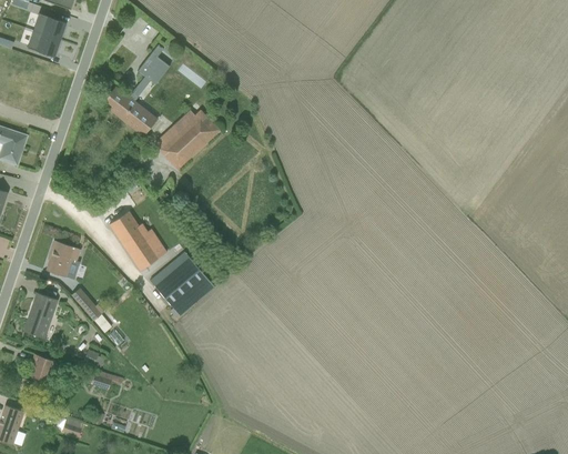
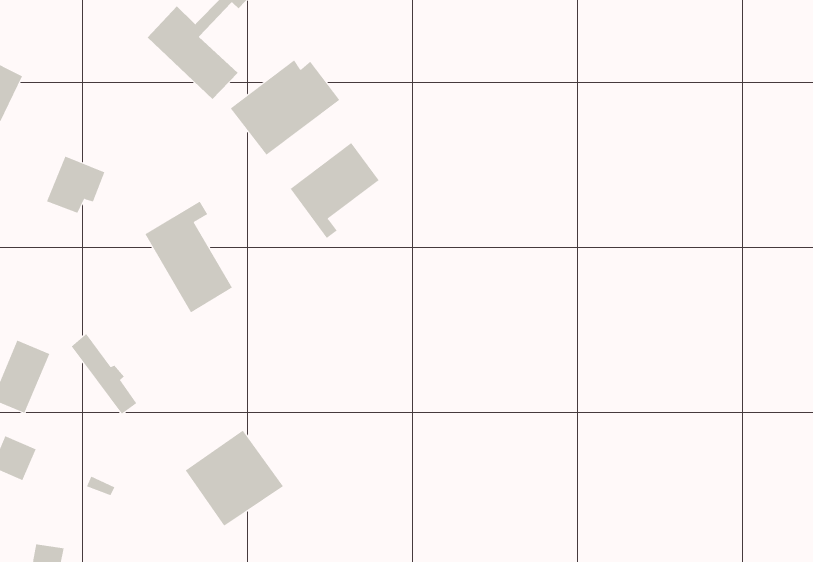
building: none -> [290,142,379,239]
building: [45,240,80,274] -> [46,156,105,213]
building: [152,254,213,314] -> [185,430,284,527]

